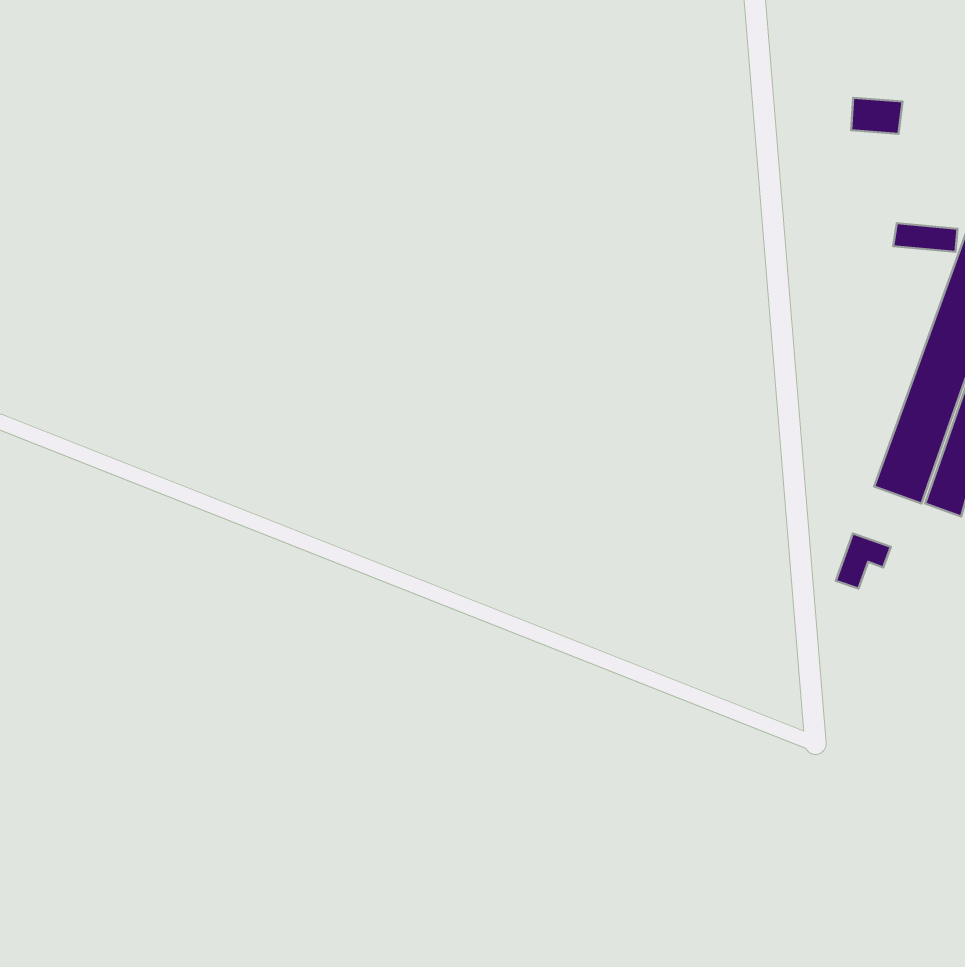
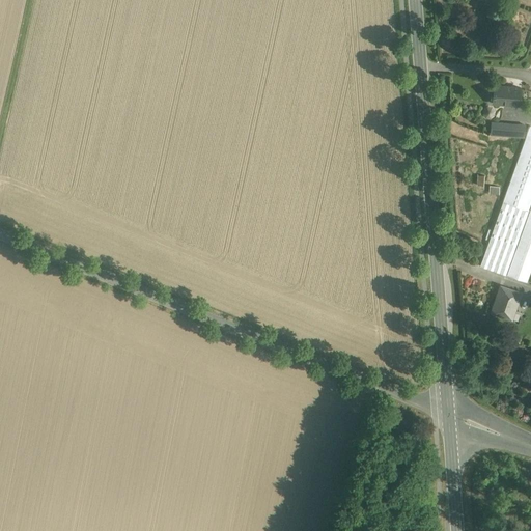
building: [851,98,902,134] -> [494,86,522,106]
building: [836,533,891,588] -> [492,286,522,316]

